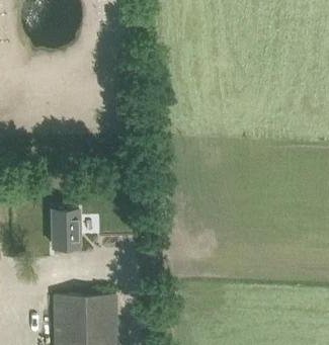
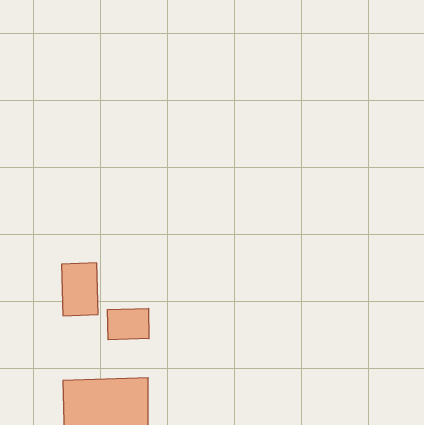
building: none -> [108,308,149,340]

